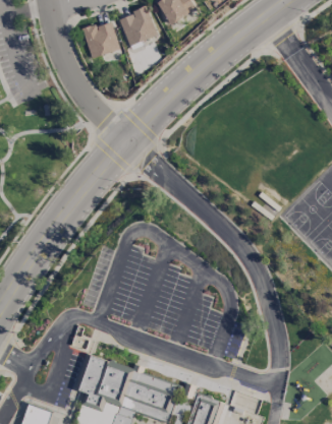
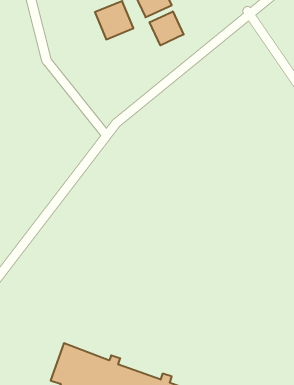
building: none -> [150,11,184,45]
building: [82,20,121,58] -> none

